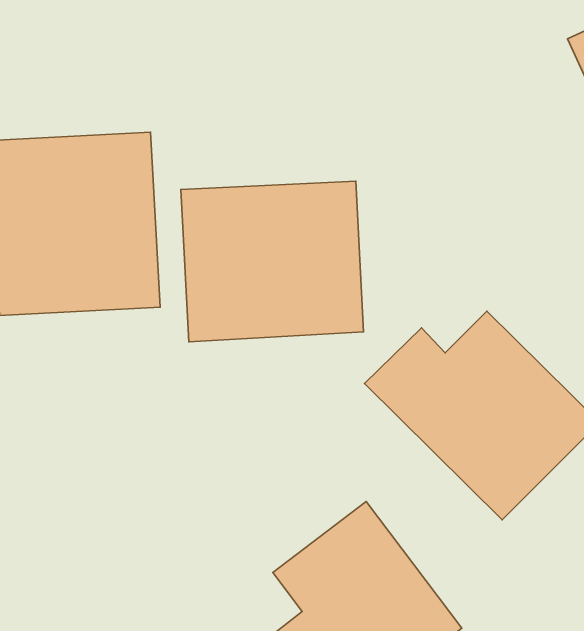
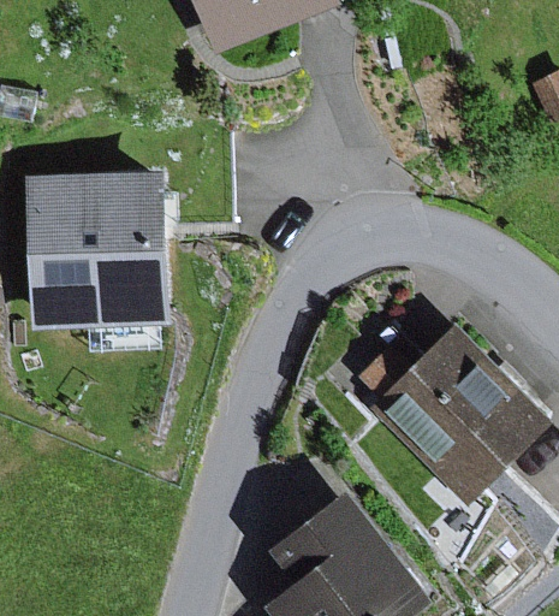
building: [181,181,364,342] -> none

